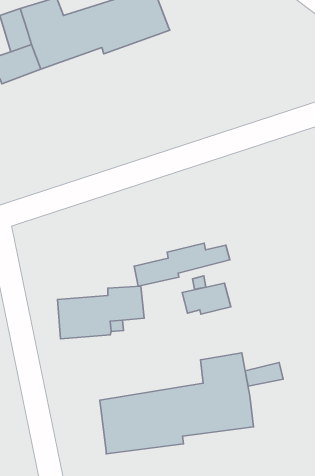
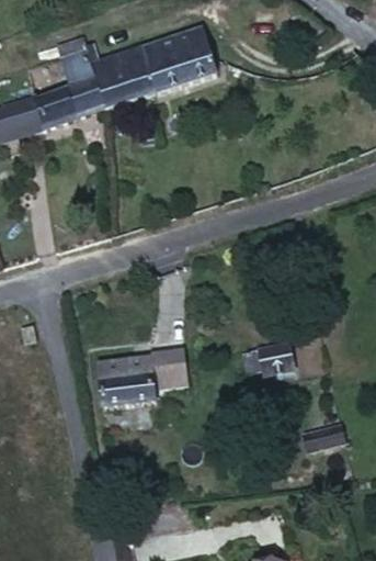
building: [134,243,230,286] -> none
building: [100,353,254,454] -> none

